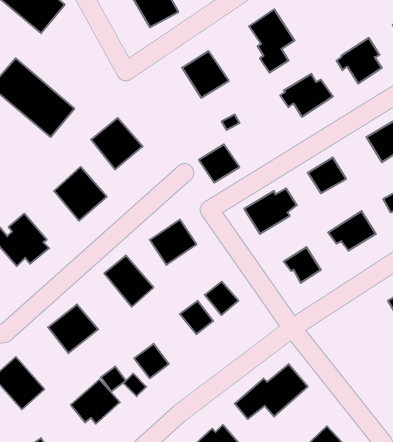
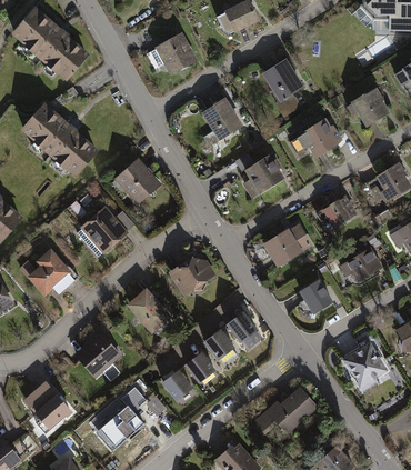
building: [199,144,239,183] -> [247,157,284,192]
building: none -> [339,341,385,394]
building: none -> [180,351,212,383]

